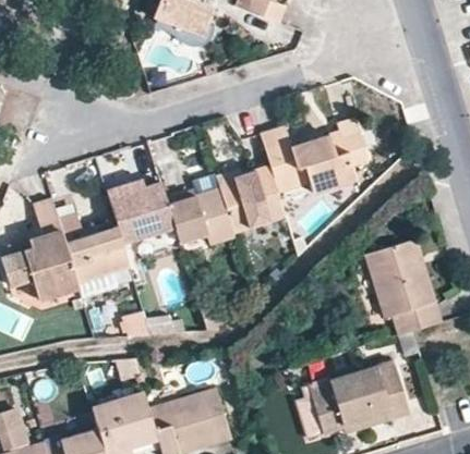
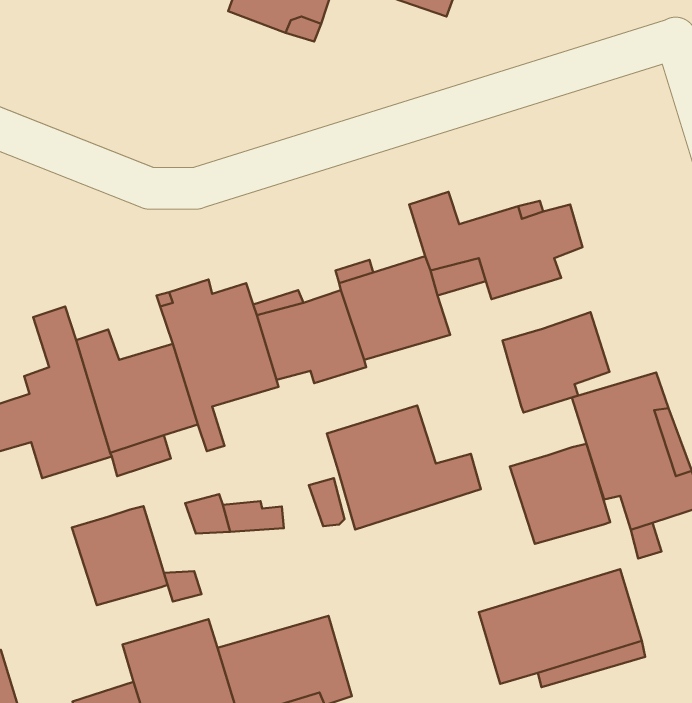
building: none -> [502,312,609,413]
building: none -> [327,405,481,529]
building: none -> [510,444,610,544]
building: none -> [72,506,167,605]

